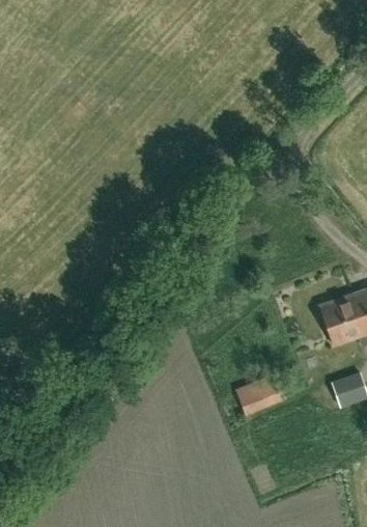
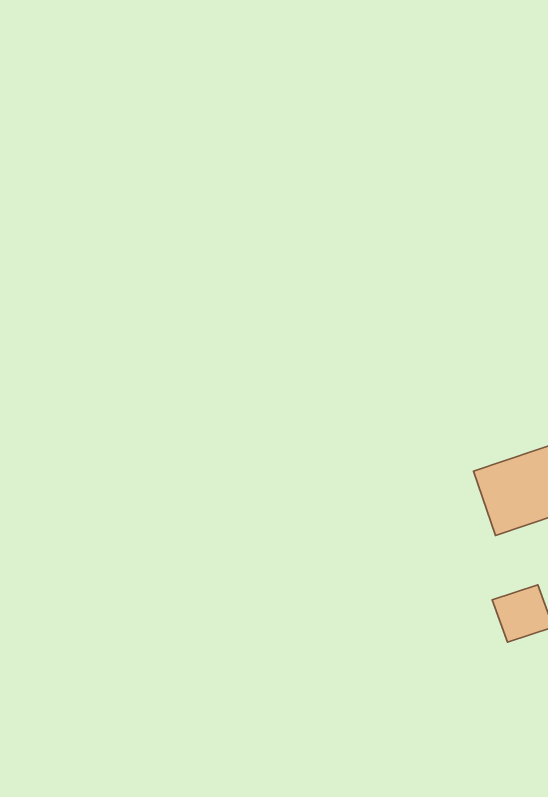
building: [237,376,275,408] -> none

